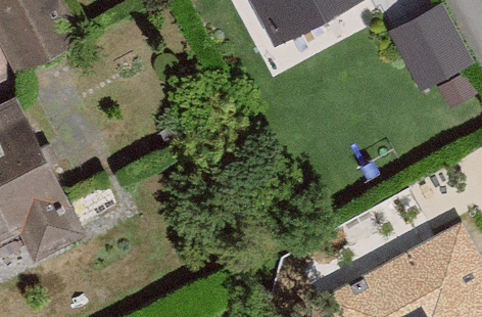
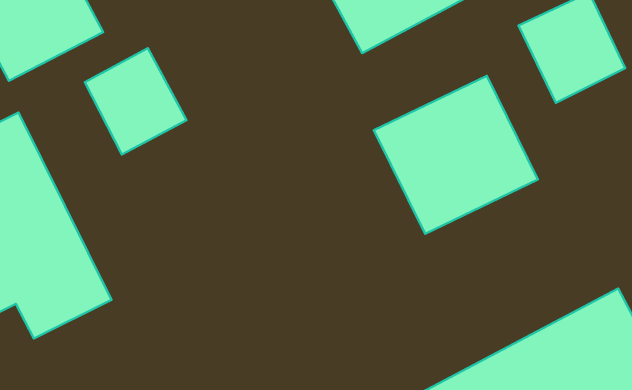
building: none -> [85,48,187,154]
building: none -> [374,76,538,234]

